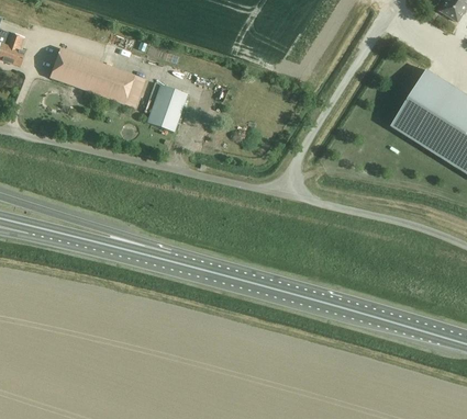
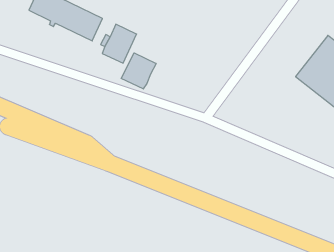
building: none -> [121,53,156,89]

